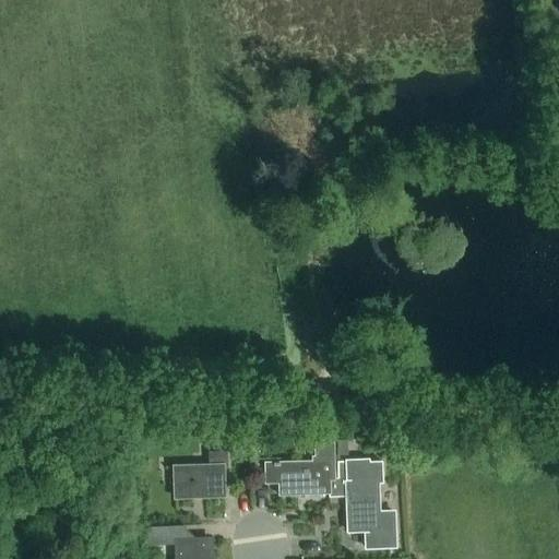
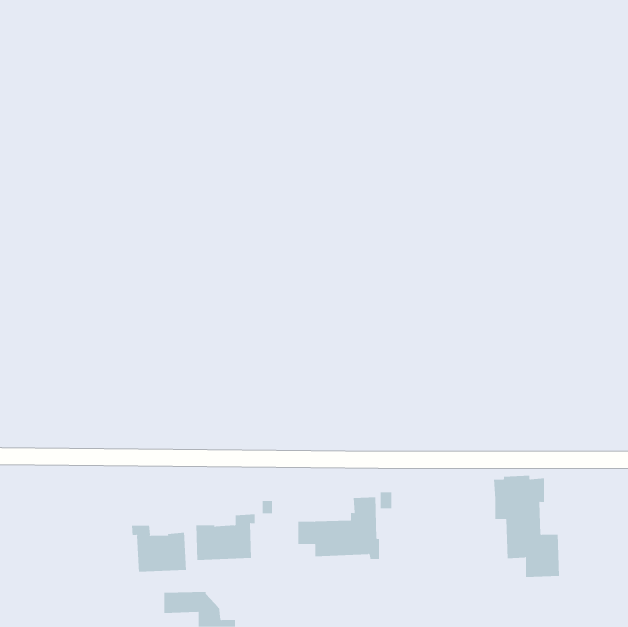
building: [336,457,395,548] -> [493,475,560,577]
building: none -> [131,525,186,573]

